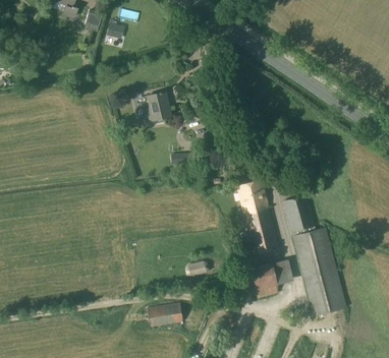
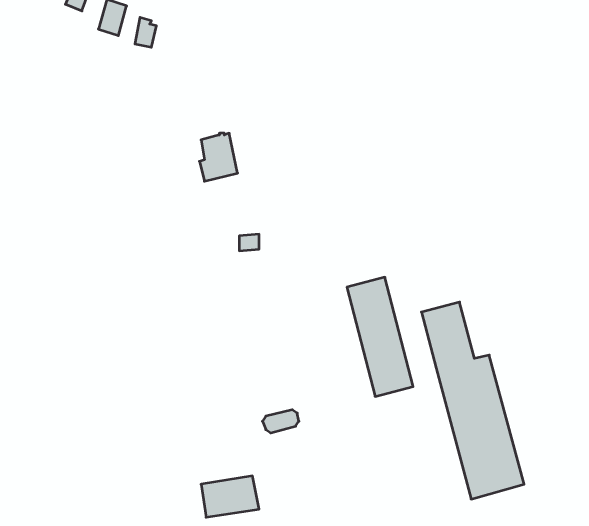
building: [249,259,293,298] -> none

